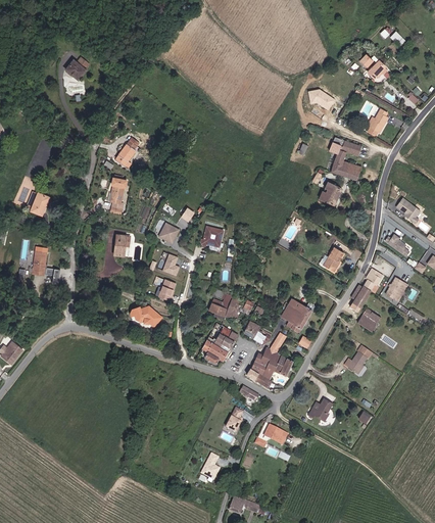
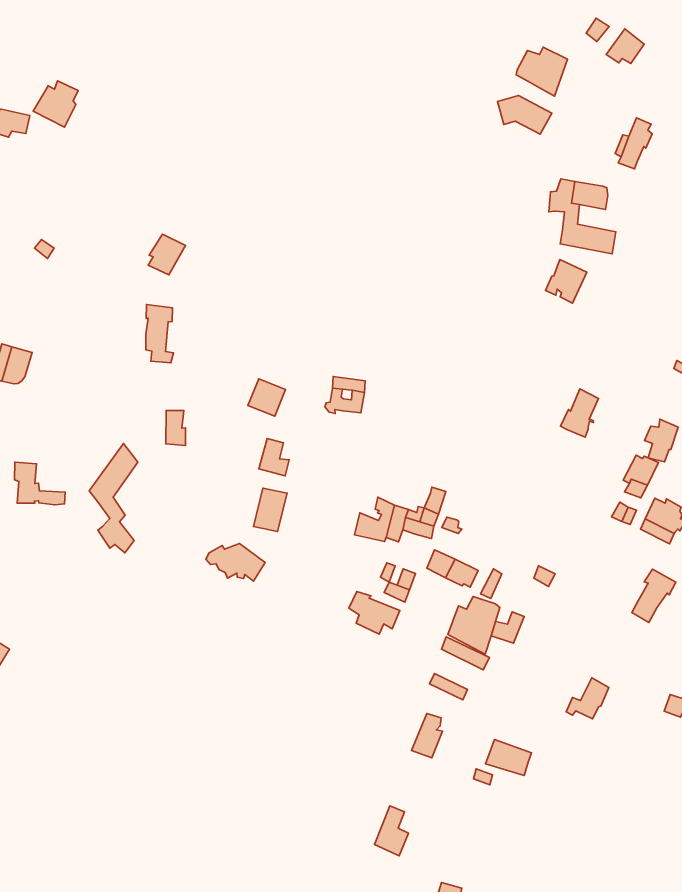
building: none -> [516,47,568,96]
building: none -> [89,444,138,553]
building: [281,297,311,331] -> none

